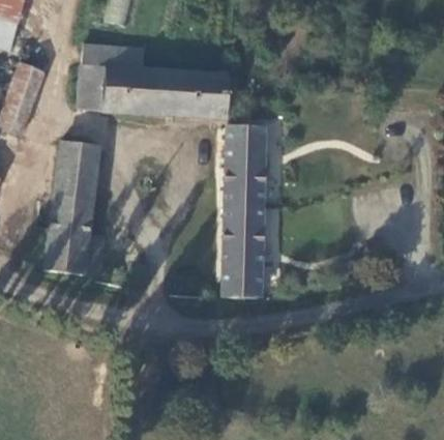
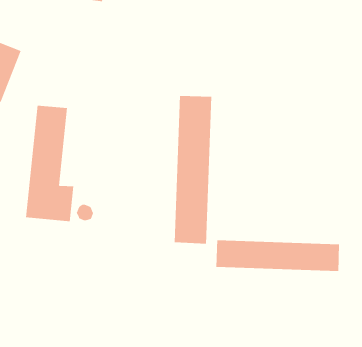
building: [80,42,230,117] -> none
building: none -> [216,239,339,272]

